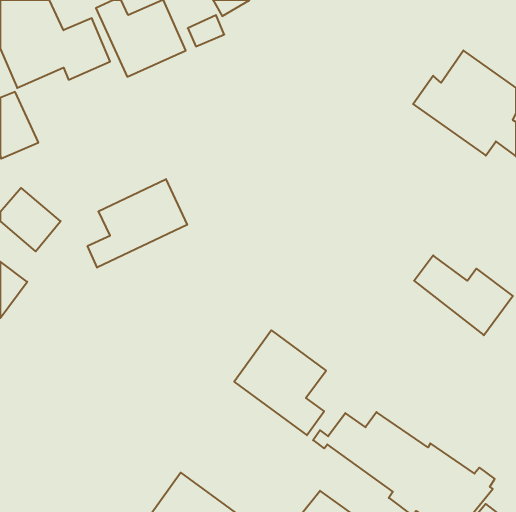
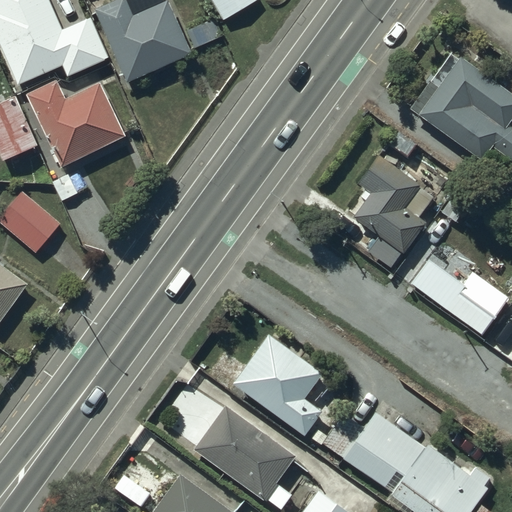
building: none -> [24,77,126,167]
building: none -> [353,151,433,269]
building: [88,179,187,268] -> none
building: none -> [193,402,296,501]

